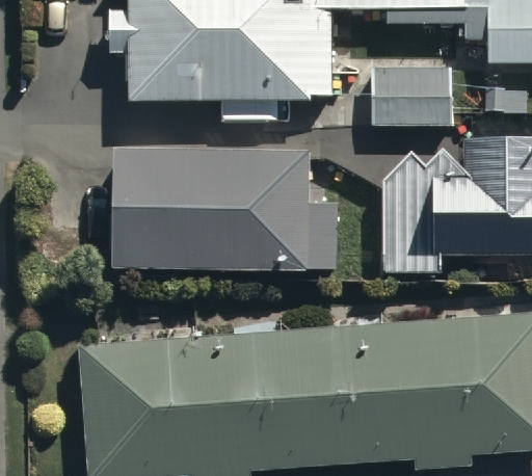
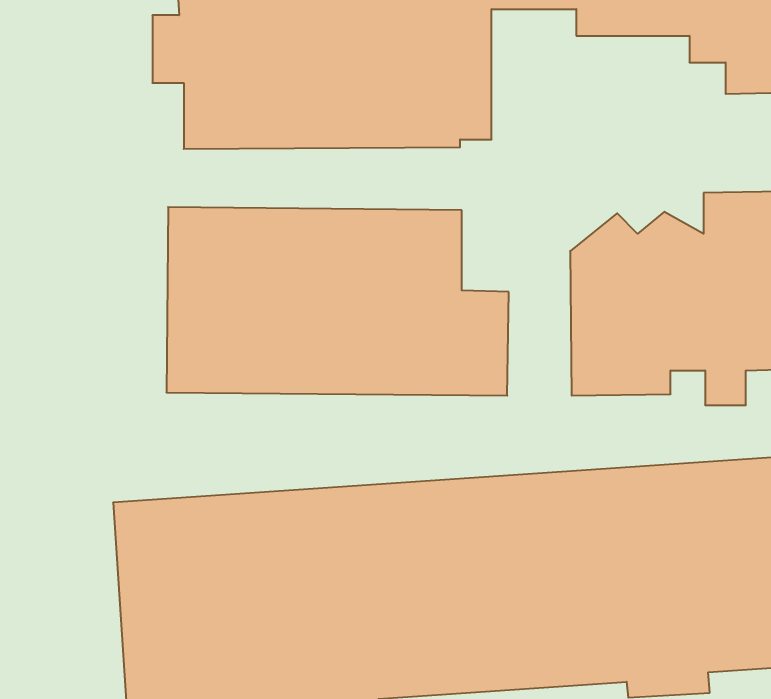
building: [370,62,455,143] -> none

